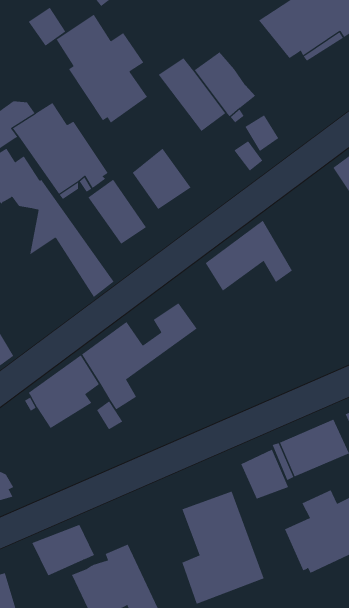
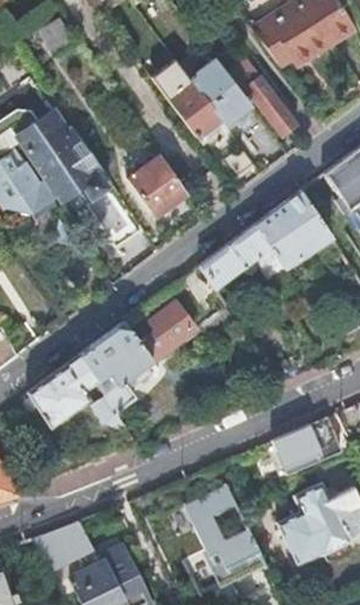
building: [56,14,148,123] -> none
building: none -> [230,61,299,137]
building: none -> [257,189,334,272]
building: [241,449,289,499] -> none

